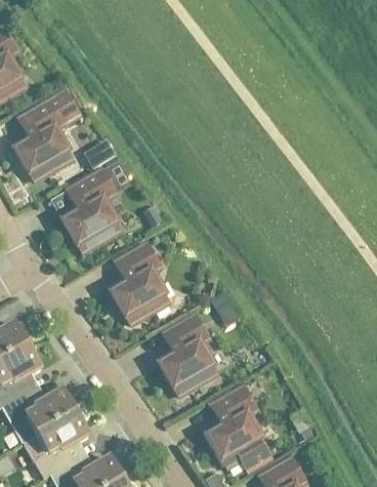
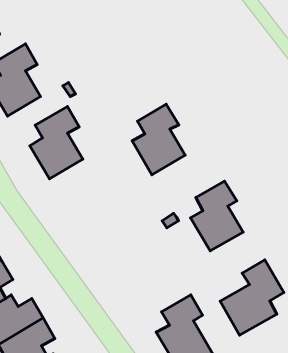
building: [109,242,169,323] -> [132,104,185,175]
building: [157,314,217,394] -> [190,181,243,251]
building: none -> [220,260,284,335]

